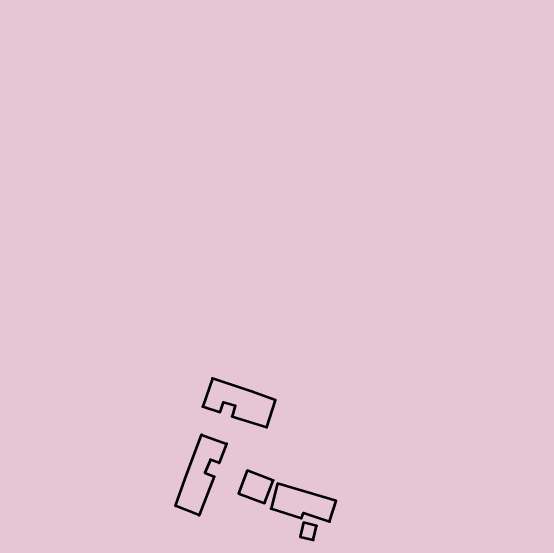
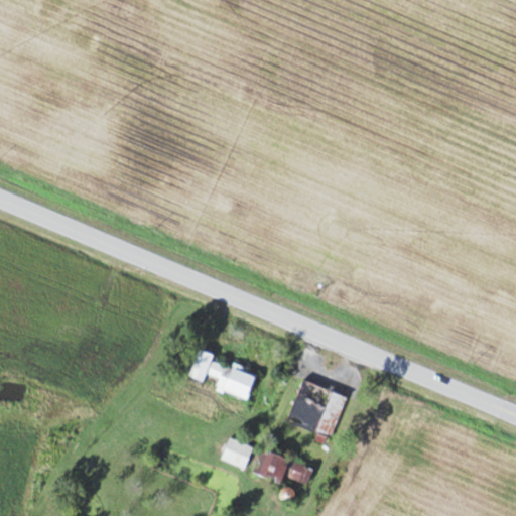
building: none -> [286,379,348,437]
building: [176,435,227,515] -> none

